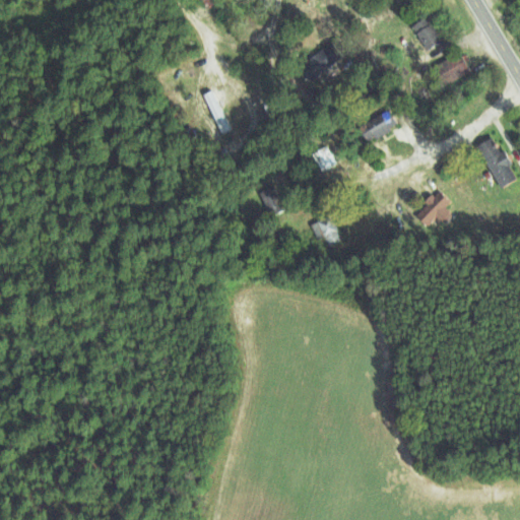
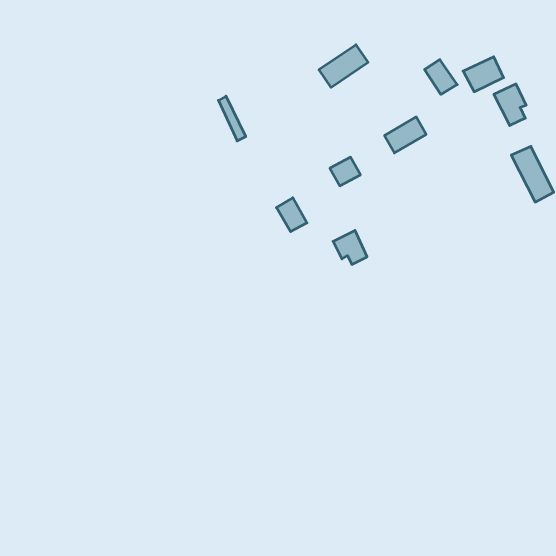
building: [412,18,443,51] -> [425,60,457,94]
building: none -> [494,84,526,126]
building: [415,191,453,229] -> none

